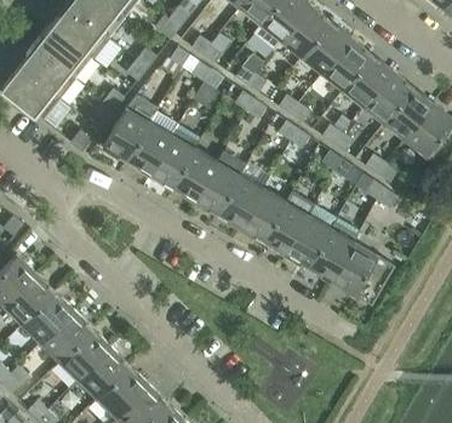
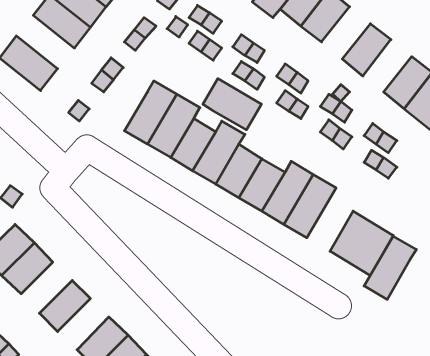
building: [321,36,370,88] -> none
building: [17,45,75,98] -> none
building: [362,69,411,121] -> none
building: [102,107,148,160] -> none
building: none -> [203,79,261,130]
building: [307,217,359,280] -> [364,236,416,299]
building: [22,291,73,342] -> none
building: [58,327,109,378] -> none

